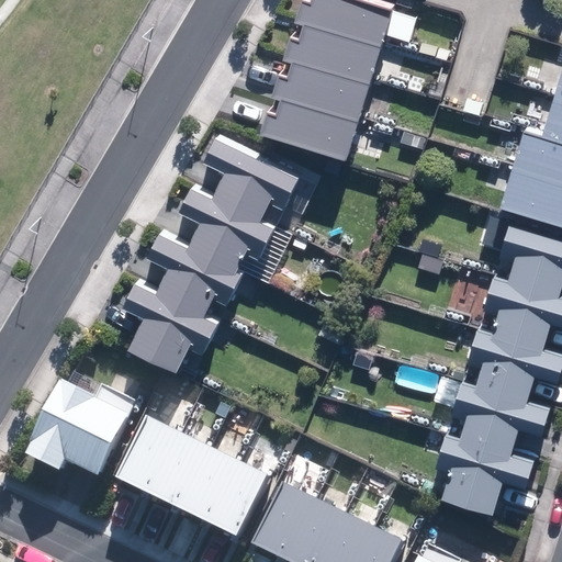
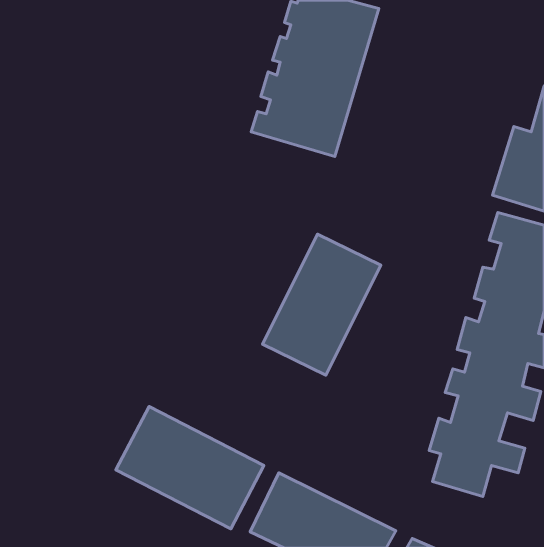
building: [124,128,303,368] -> none
building: none -> [263,234,381,375]
building: [26,373,139,483] -> none

